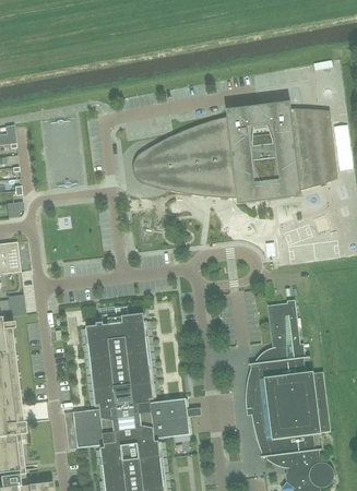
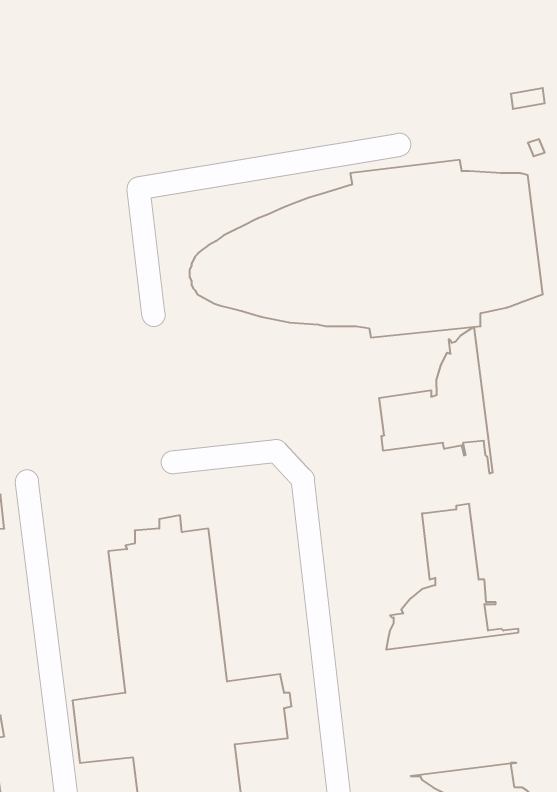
building: none -> [379,327,493,474]
building: [246,373,331,456] -> none

